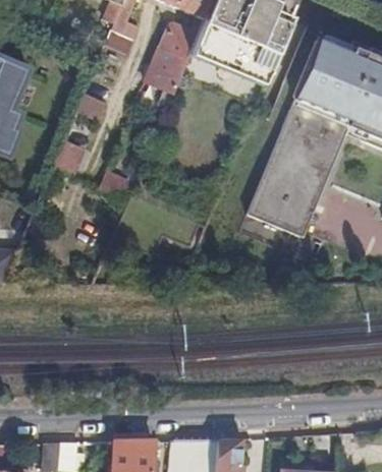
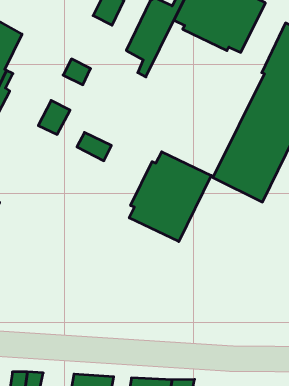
building: none -> [129,152,211,242]

